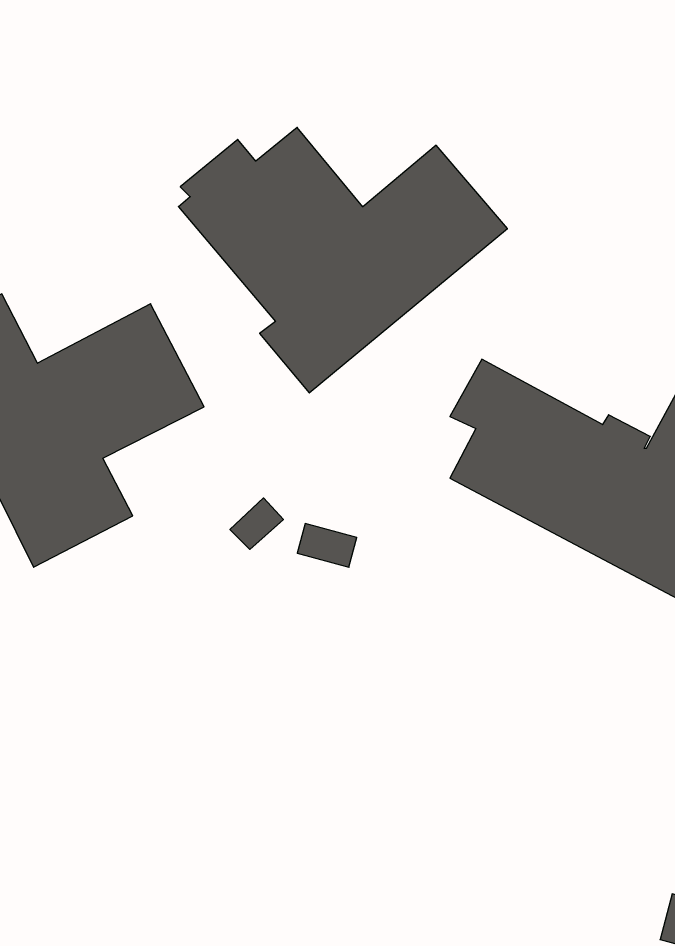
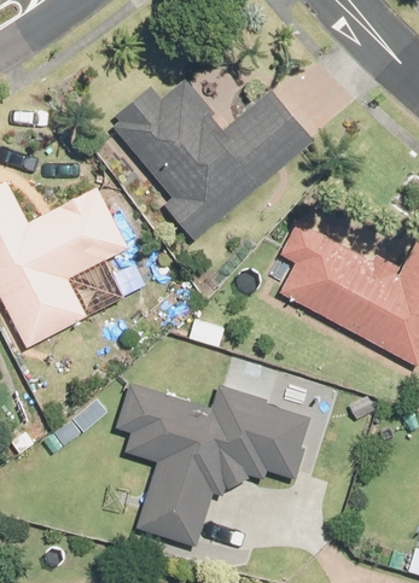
building: none -> [116,383,308,544]

